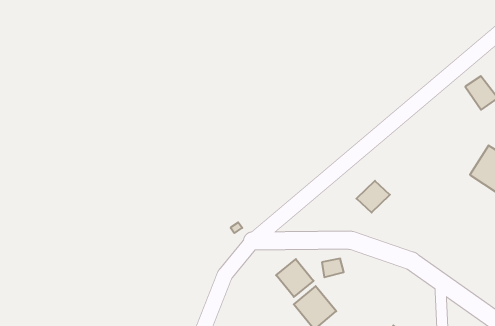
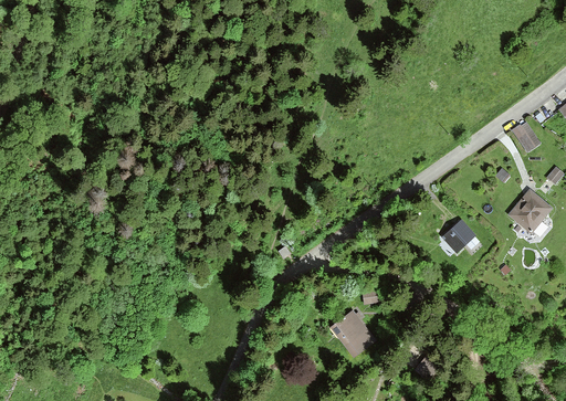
building: [356,181,390,213] -> [444,222,476,252]
building: [276,259,314,297] -> none

